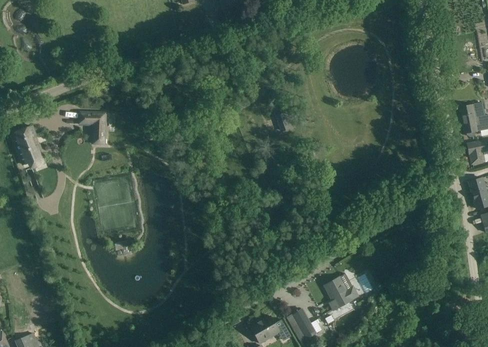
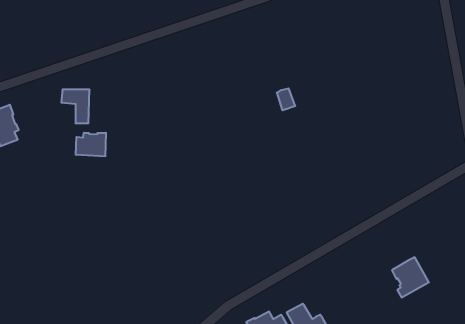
building: none -> [76,133,106,156]
building: [324,273,358,310] -> [392,257,429,297]

